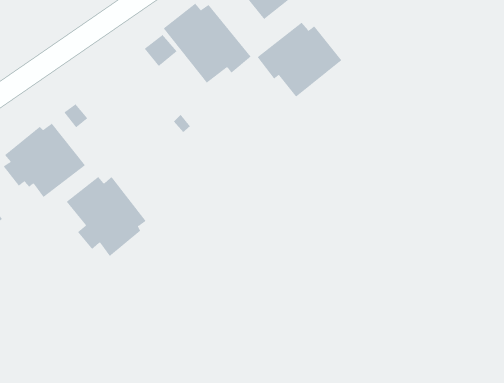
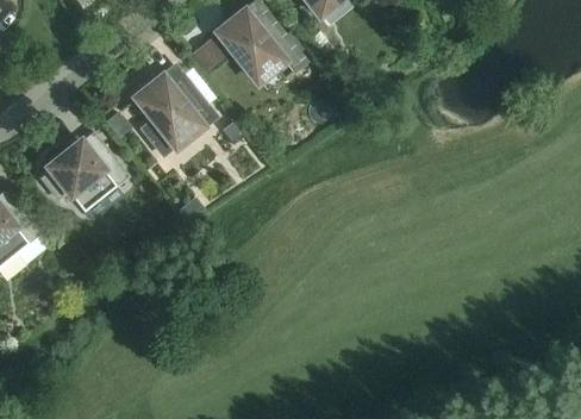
building: [257,22,342,97] -> none
building: [66,176,147,257] -> [130,69,215,155]

